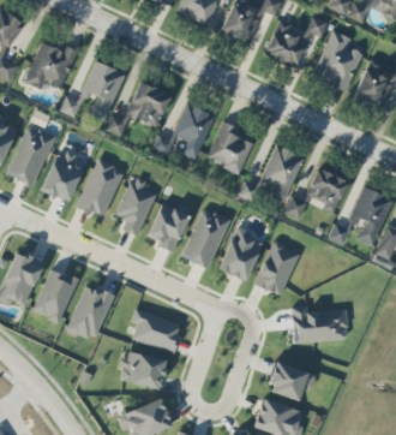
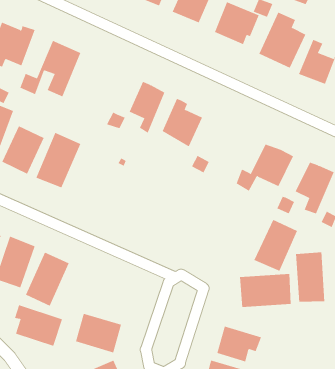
building: [106,83,169,135] -> none
building: [263,147,306,203] -> none
building: [116,175,156,236] -> none
building: [146,202,190,250] -> none
building: [181,207,229,268] -> none
building: [218,228,263,281] -> none
building: [253,240,300,296] -> [254,219,298,272]
building: none -> [295,252,325,303]
building: [131,308,182,352] -> [14,304,63,347]

